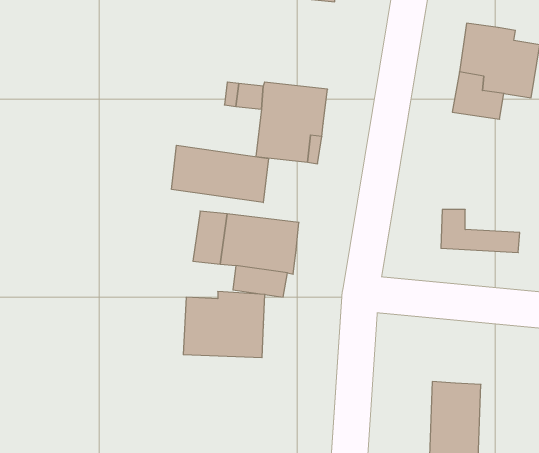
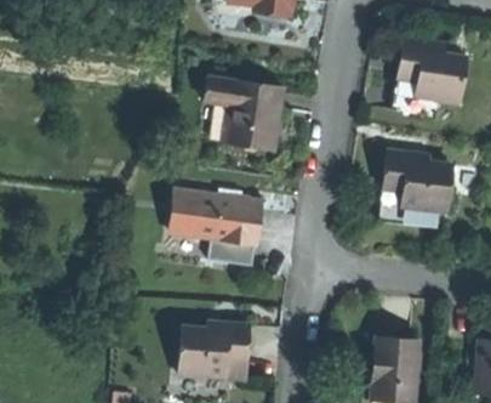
building: [172,145,268,203] -> none
building: none -> [382,154,450,211]
building: [183,292,265,358] -> [178,324,247,380]

